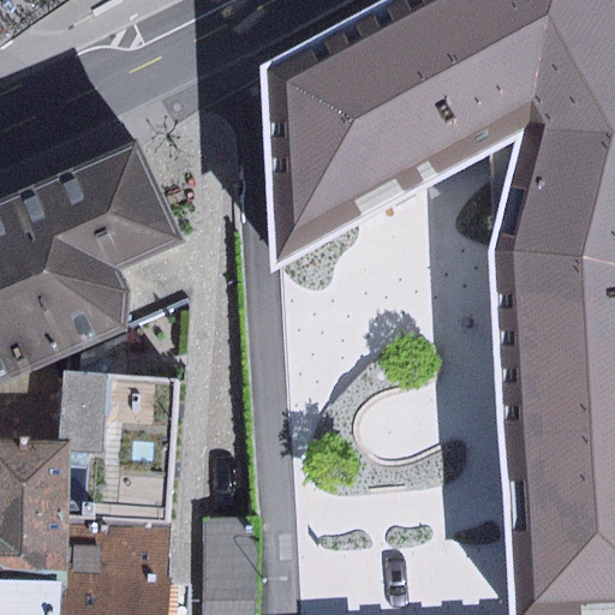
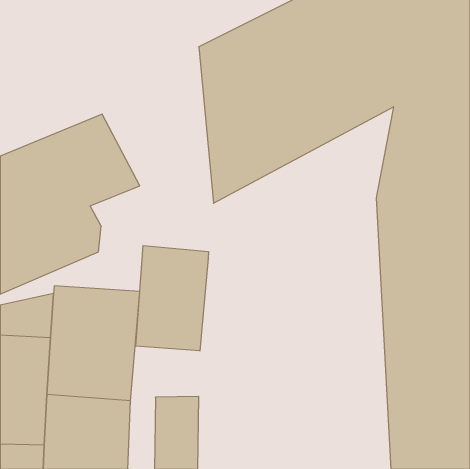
building: none -> [136,246,208,351]

